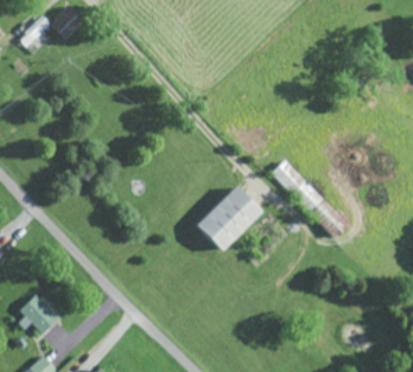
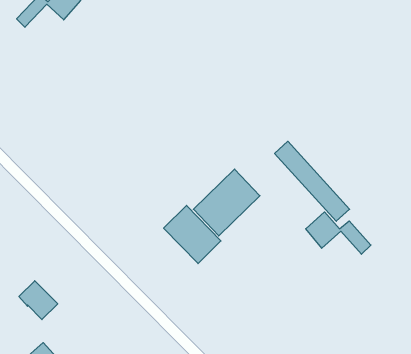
building: none -> [164,205,221,264]
building: none -> [306,212,371,254]

